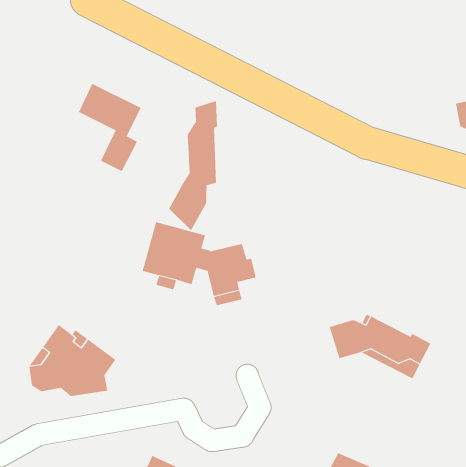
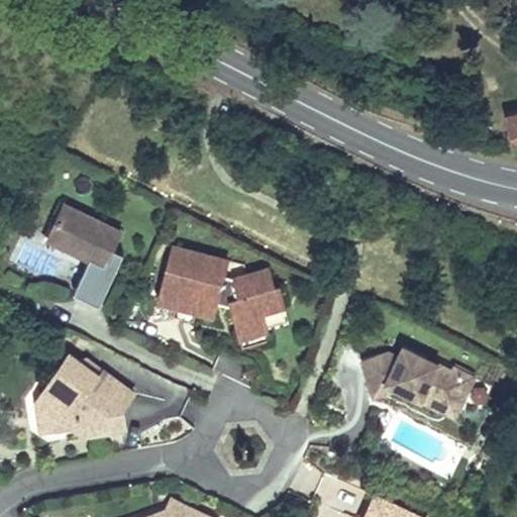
building: [78,83,141,172] -> [49,207,119,305]
building: [168,100,218,231] -> none

